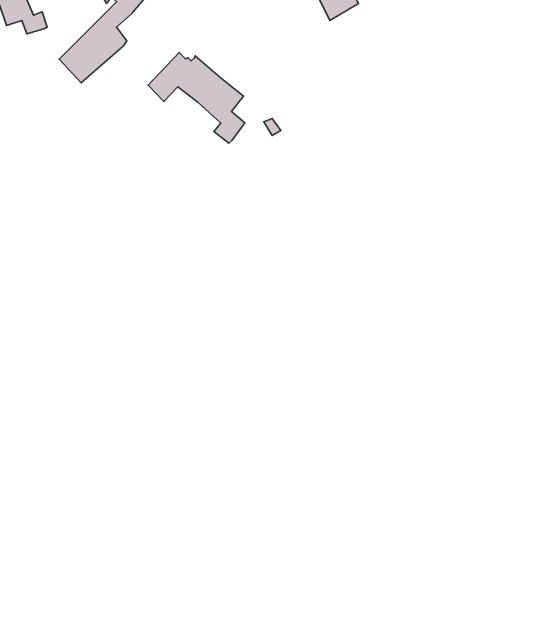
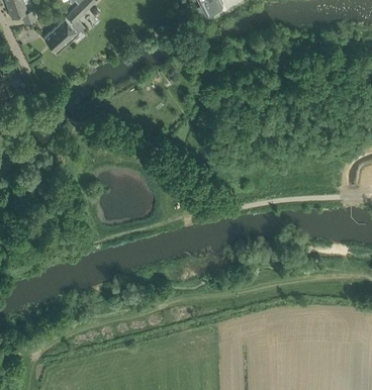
building: [148,52,245,143] -> none

